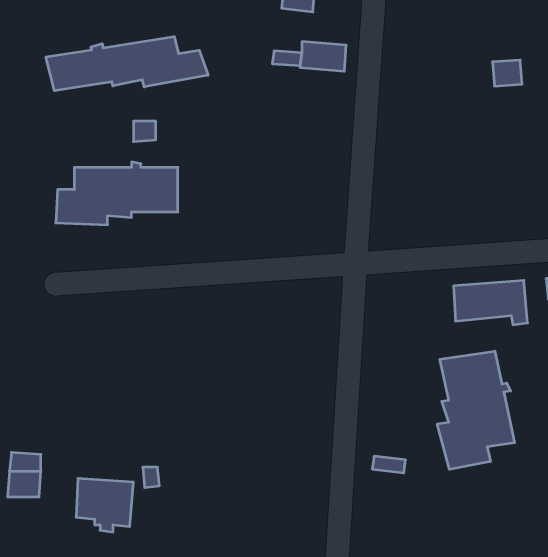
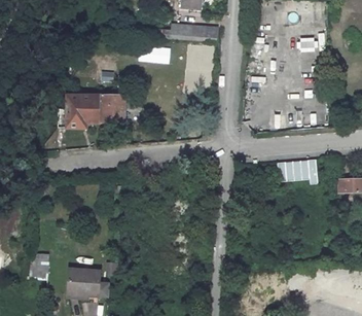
building: [46,37,208,91] -> none
building: [437,351,515,469] -> none

